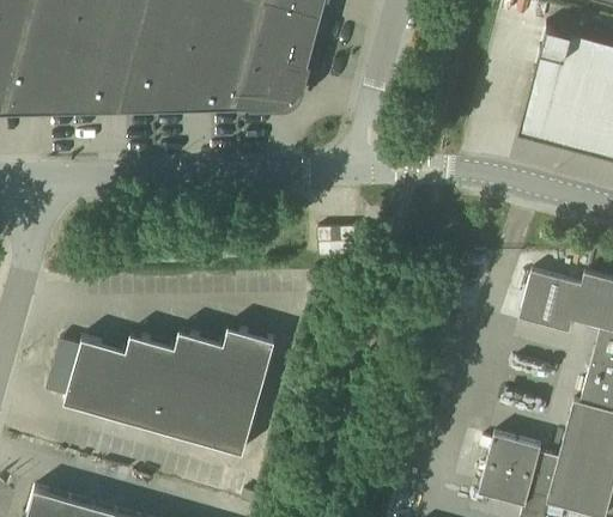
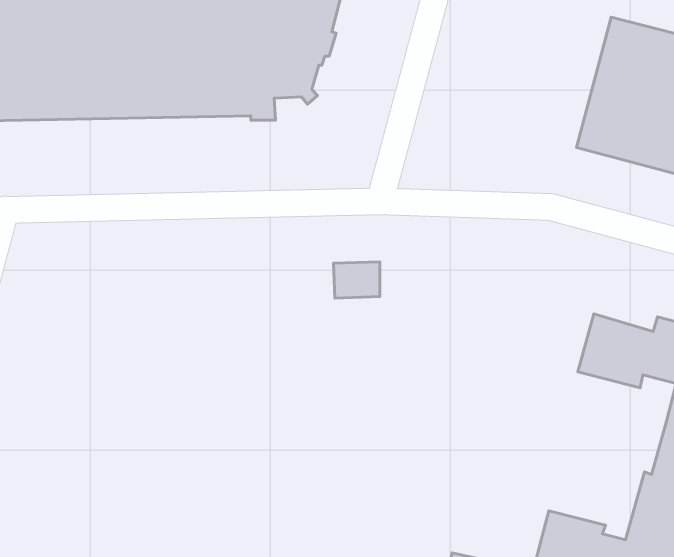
building: [45,328,274,455] -> none

